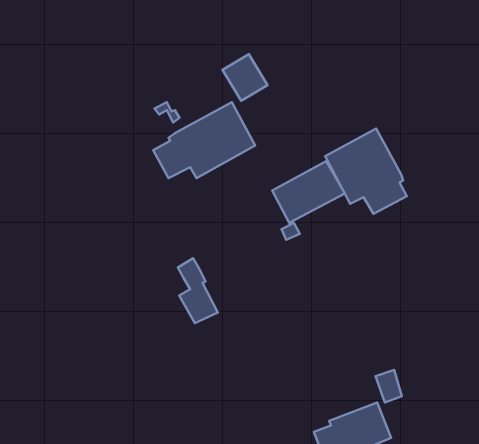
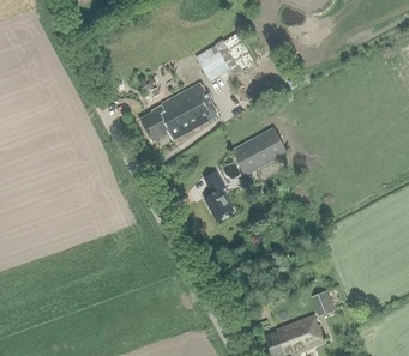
building: [325,129,407,214] -> none
building: [178,258,218,323] -> [203,169,234,219]

